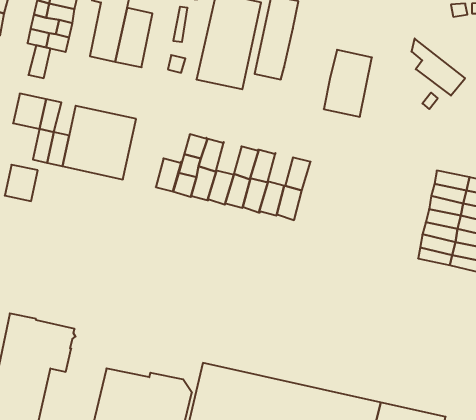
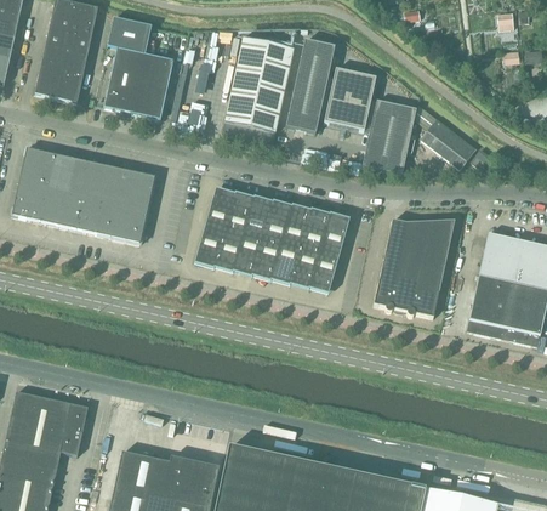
building: none -> [319,68,377,130]
building: [411,38,465,96] -> [416,104,475,168]
building: [28,45,50,78] -> [64,158,89,194]
building: none -> [301,214,329,250]
building: none -> [374,218,455,317]
building: [156,158,181,191] -> [244,201,272,238]
building: [5,165,38,201] -> [12,181,49,221]

